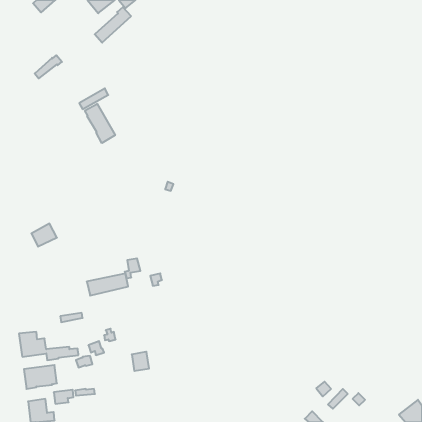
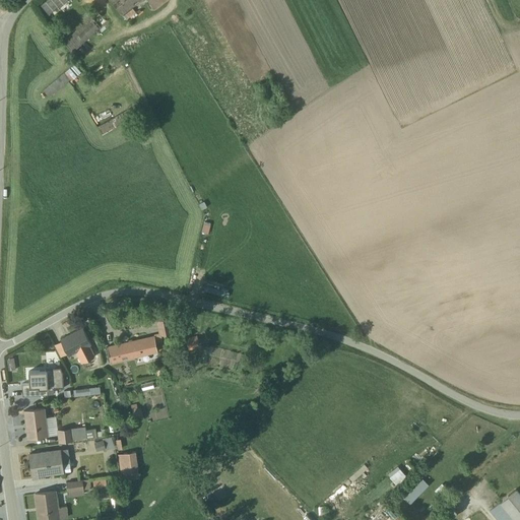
building: [95,7,131,43] -> [62,9,107,53]
building: [85,104,115,143] -> none
building: [31,224,57,247] -> [60,327,91,355]
building: none -> [21,369,63,396]
building: [132,352,149,371] -> [117,452,138,475]

